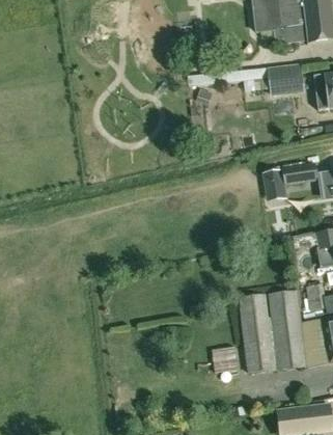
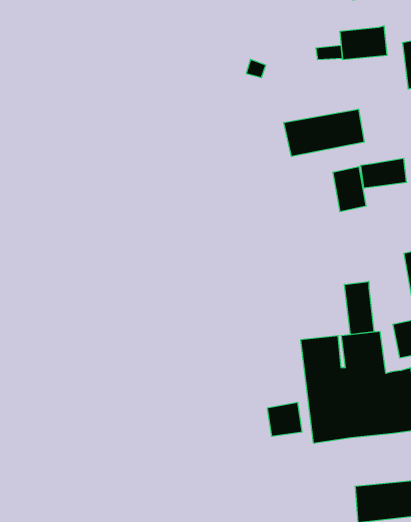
building: none -> [284,109,364,156]
building: none -> [344,281,374,335]

